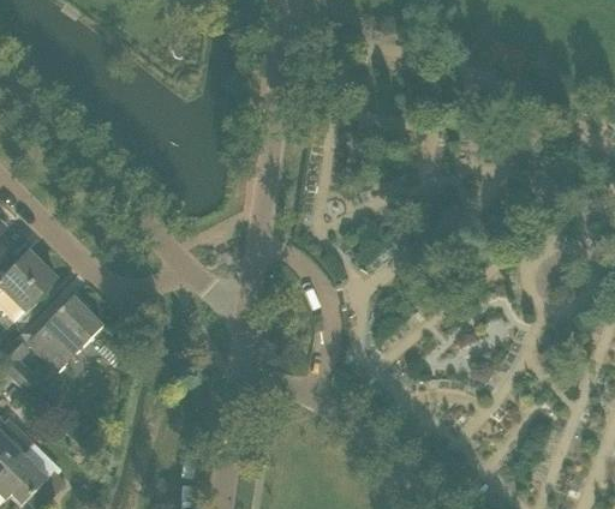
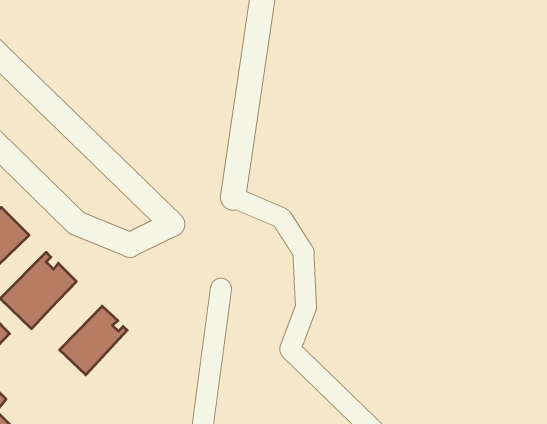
building: none -> [60,306,127,375]

